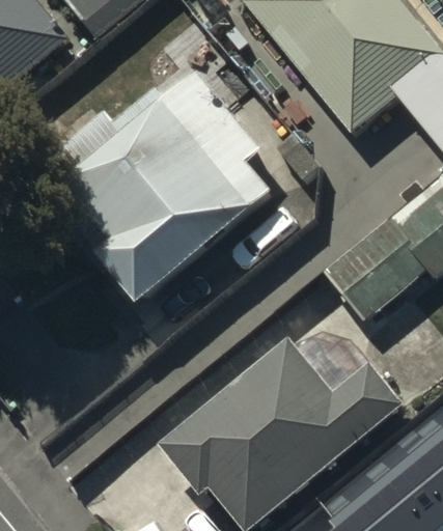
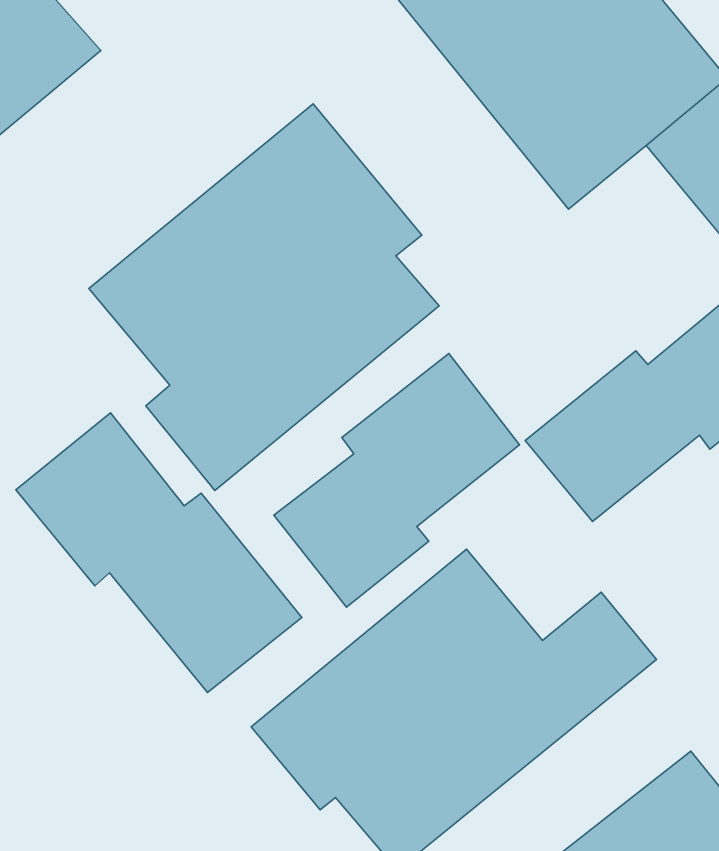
building: none -> [274,353,520,607]
building: none -> [16,413,302,693]

